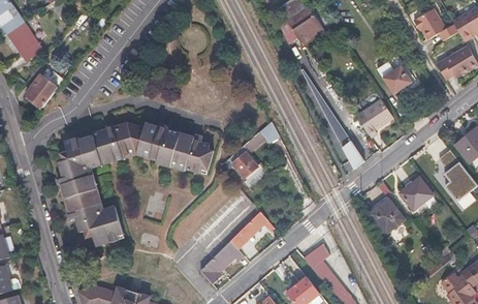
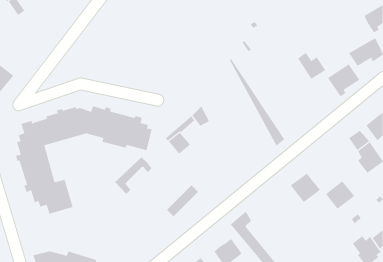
building: [414,6,458,38] -> none
building: [283,8,323,47] -> none
building: [357,99,394,138] -> [327,64,360,97]
building: [400,177,434,210] -> [325,180,355,209]
building: [198,241,242,284] -> [114,156,152,194]

